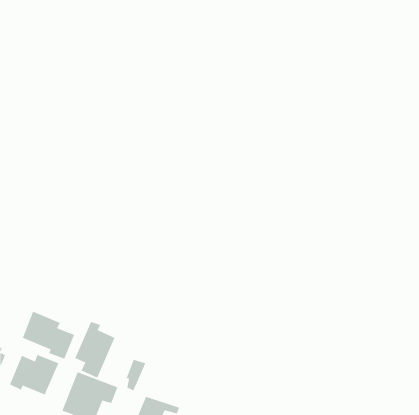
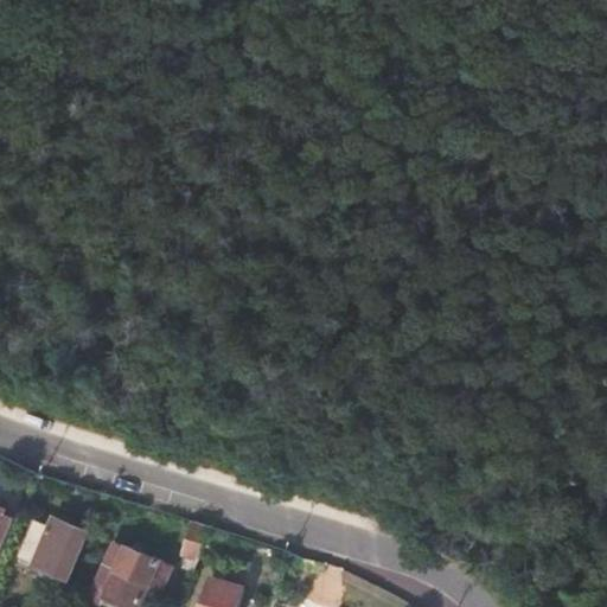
building: [22,311,75,360] -> none
building: [74,321,115,378] -> none

